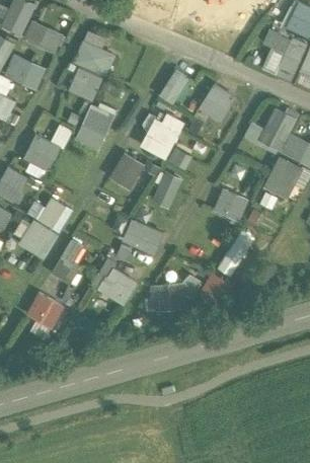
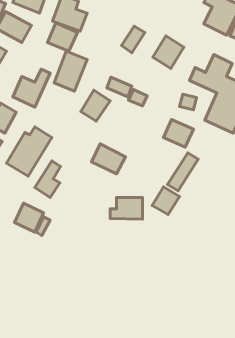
building: [145,113,186,146] -> none
building: [150,170,182,208] -> none
building: [90,261,139,306] -> none

